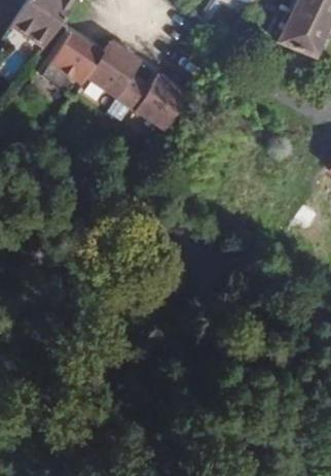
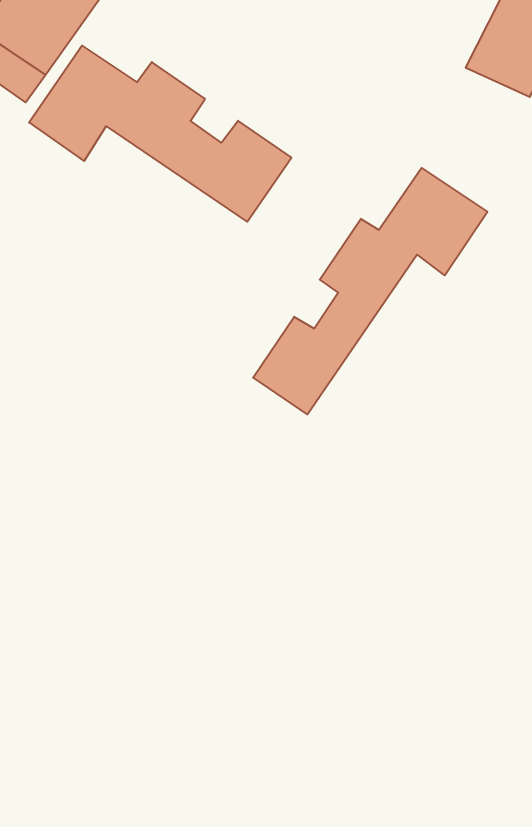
building: none -> [253,168,487,414]

